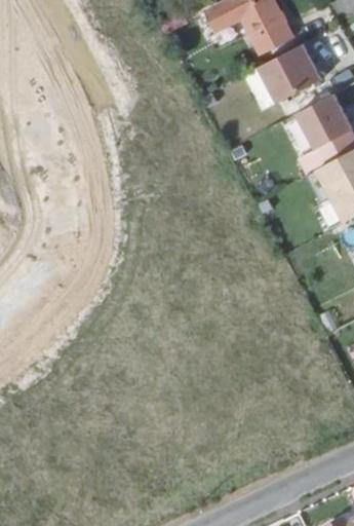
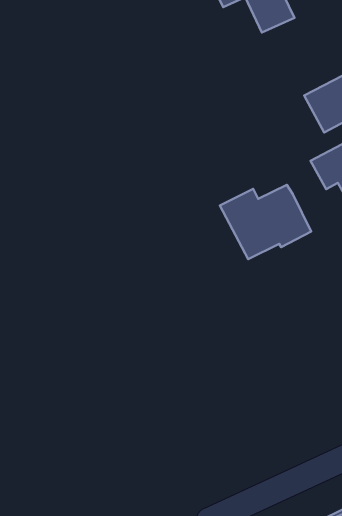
building: [263,43,324,101] -> none
building: none -> [220,185,311,259]

